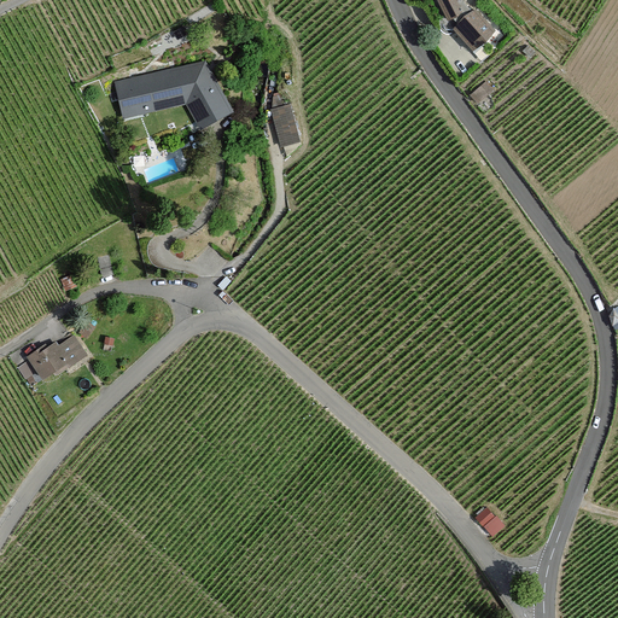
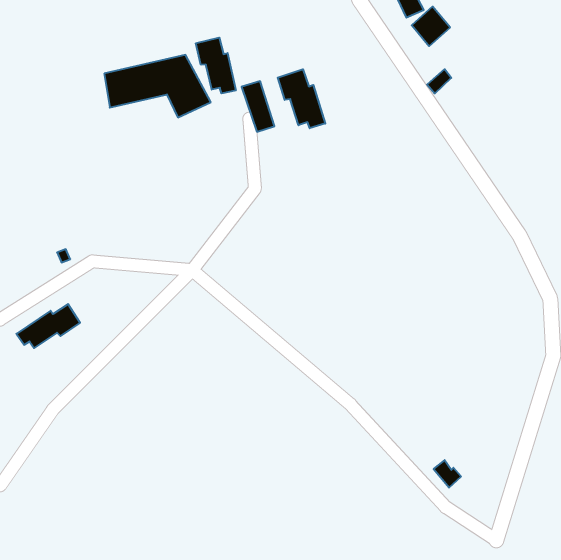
building: none -> [196,38,236,93]
building: none -> [278,69,325,128]

